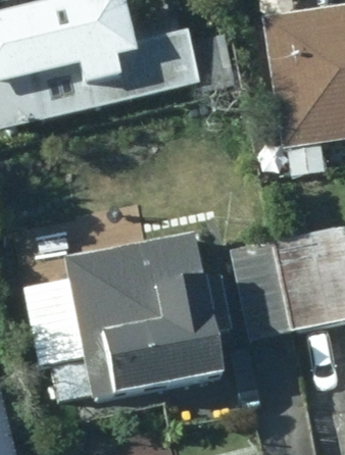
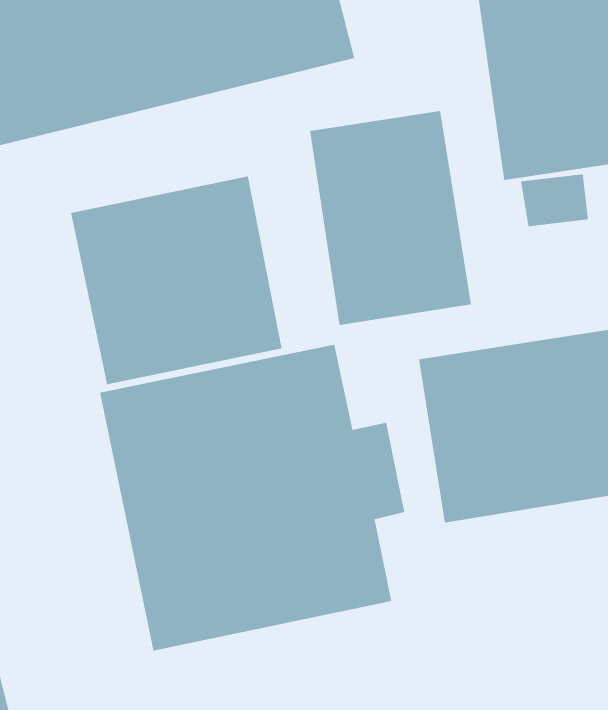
building: none -> [309,110,472,326]
building: none -> [70,176,283,385]

